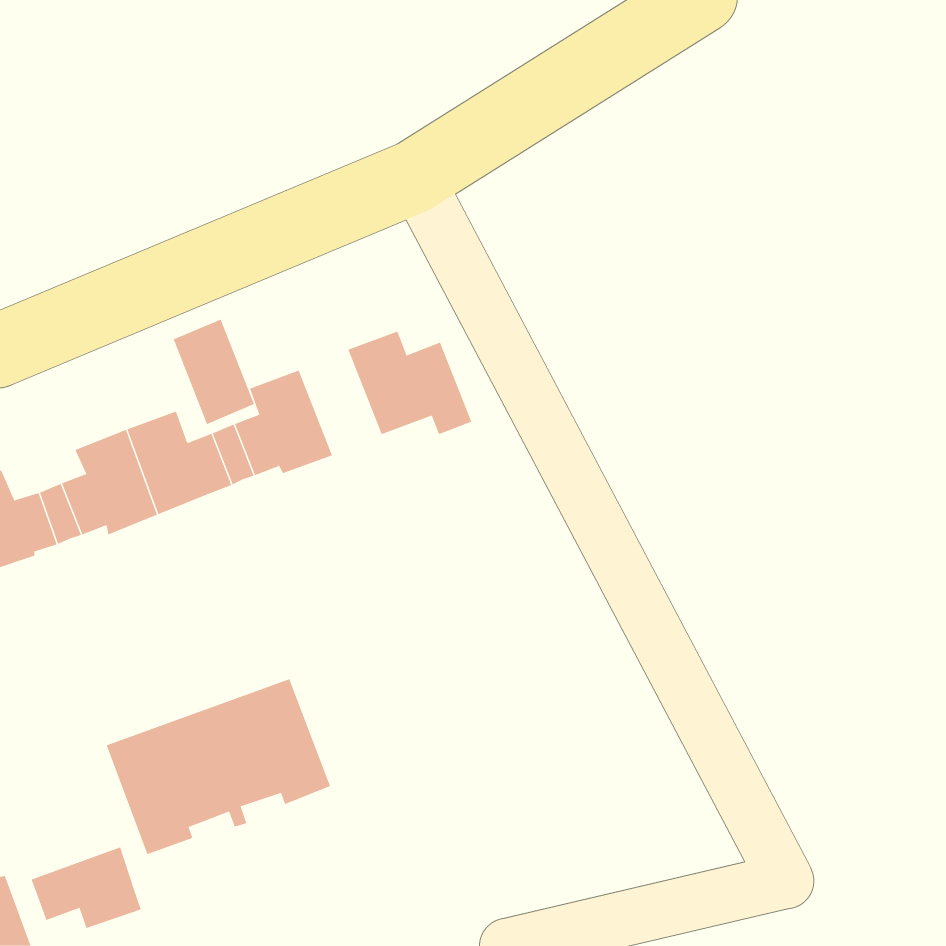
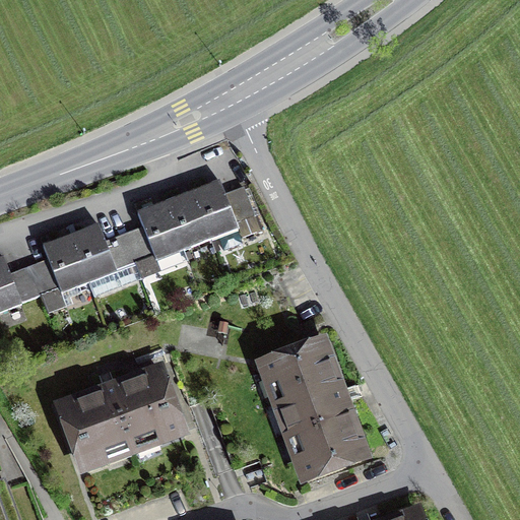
building: [173,319,255,425] -> [164,191,208,249]
building: none -> [261,341,362,477]
building: [31,846,141,929] -> none

